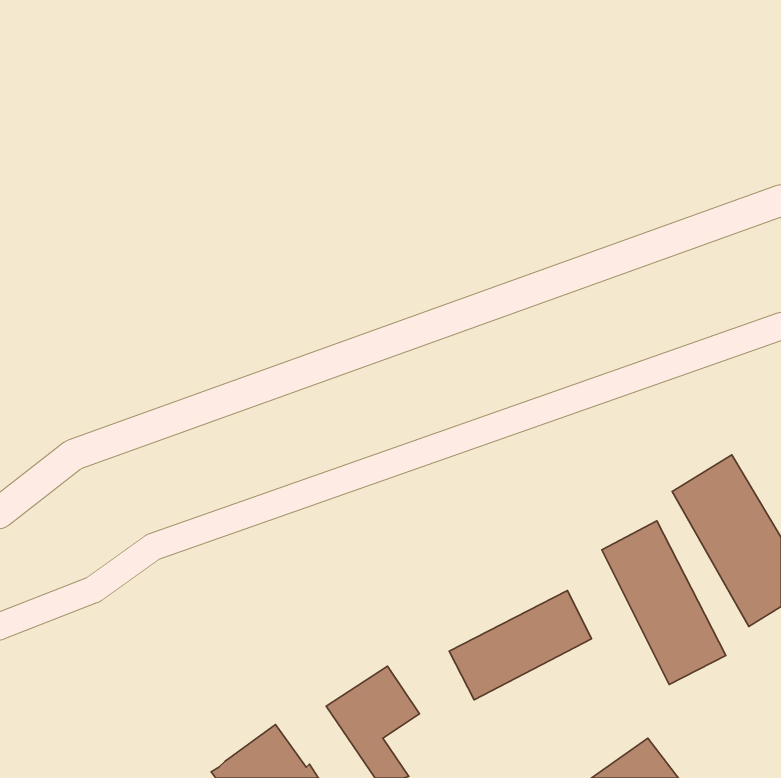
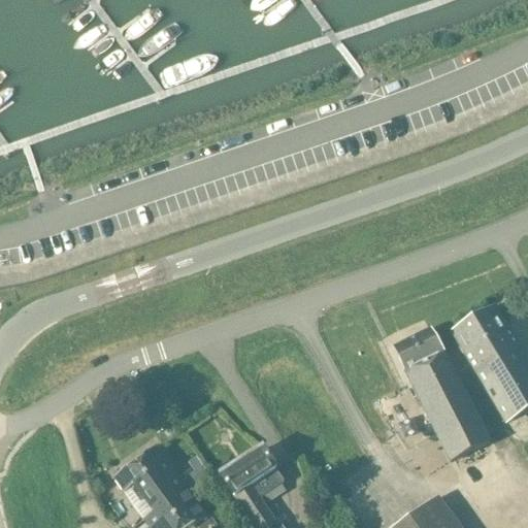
building: none -> [393,328,442,370]
building: [449,591,591,700] -> none
building: none -> [112,447,186,513]

